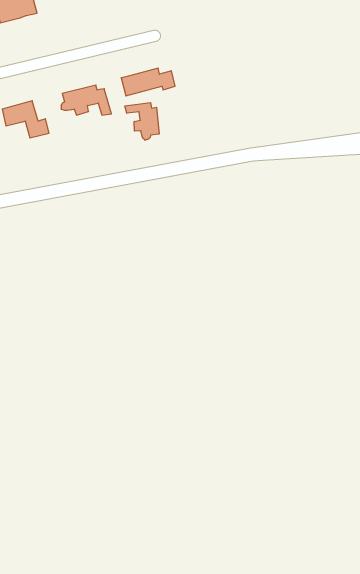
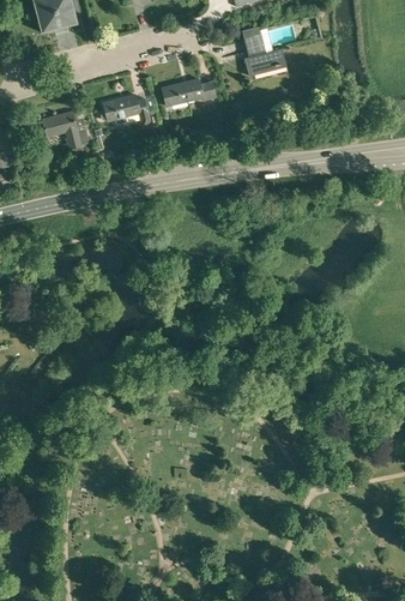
building: none -> [242,26,286,76]
building: [125,103,159,140] -> none

